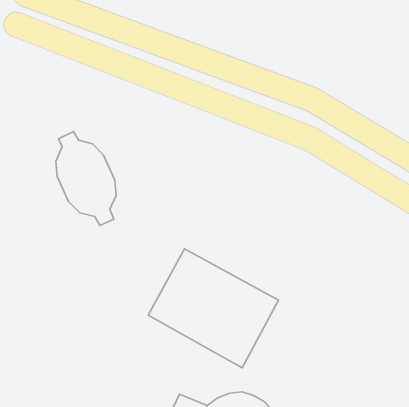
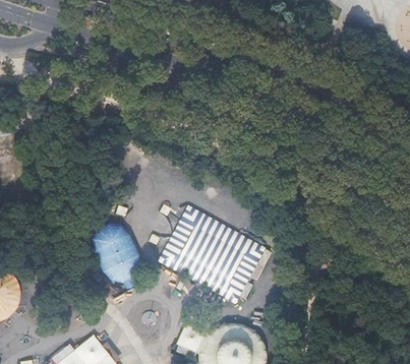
building: [56,131,116,225] -> [92,215,140,291]

